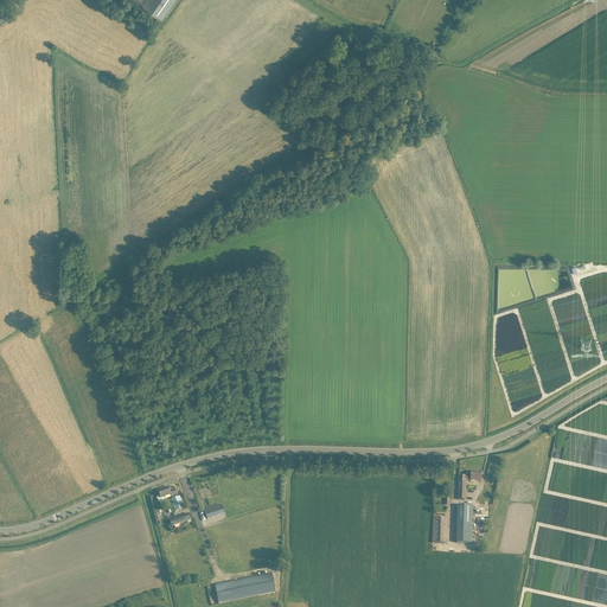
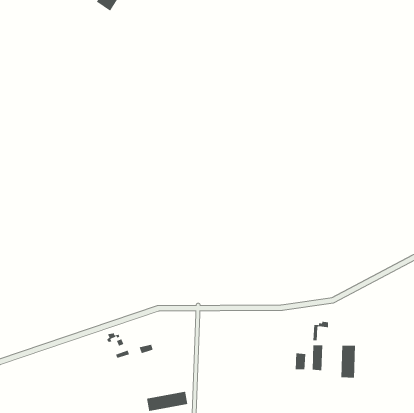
building: none -> [341,345,356,378]

